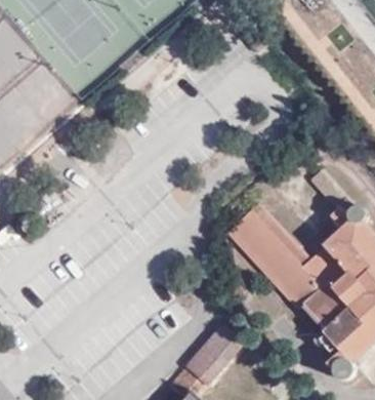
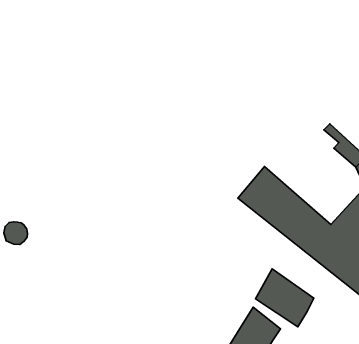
building: none -> [255,269,314,327]

